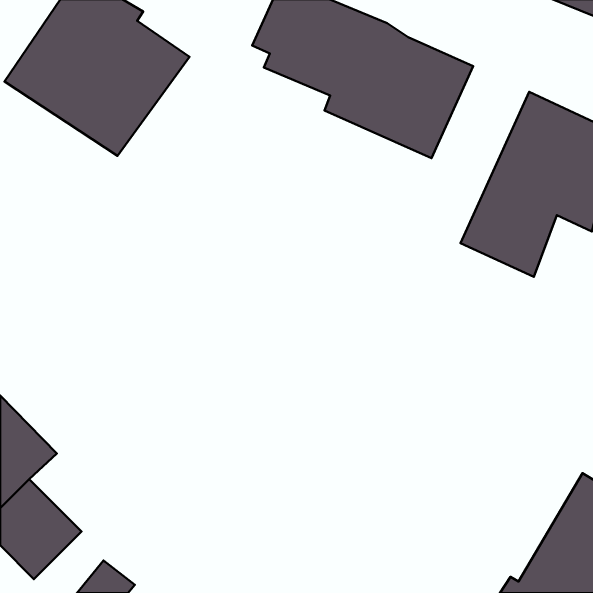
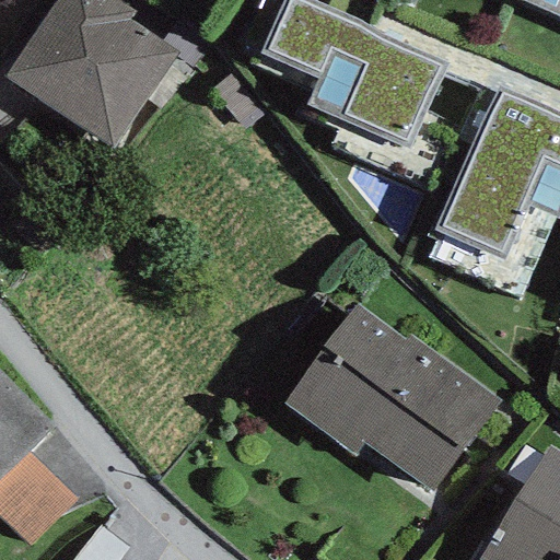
building: none -> [283,304,500,491]

